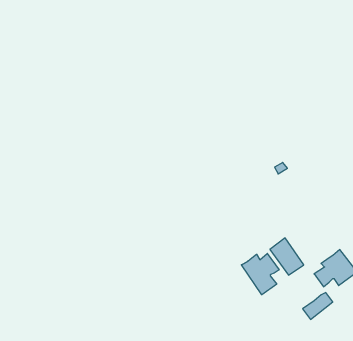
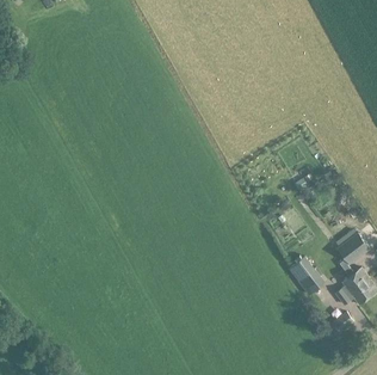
building: none -> [338,233,369,276]
building: [241,253,279,295] -> none

